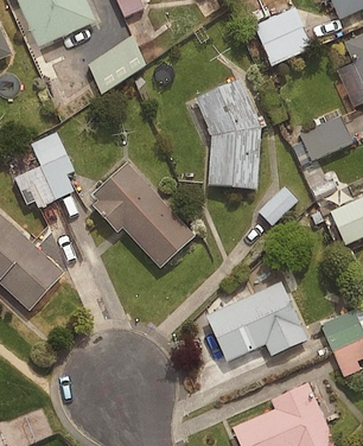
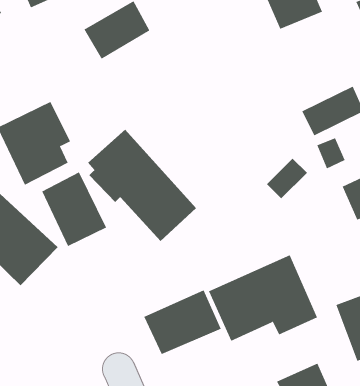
building: [199,81,260,191] -> none
building: none -> [41,171,107,247]
building: none -> [143,289,221,355]

